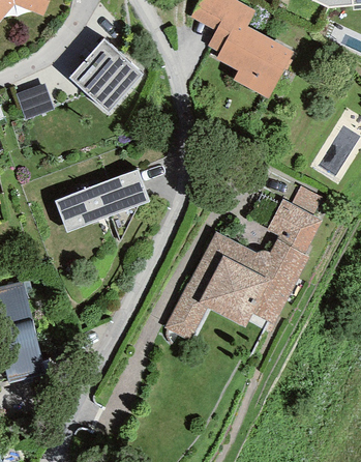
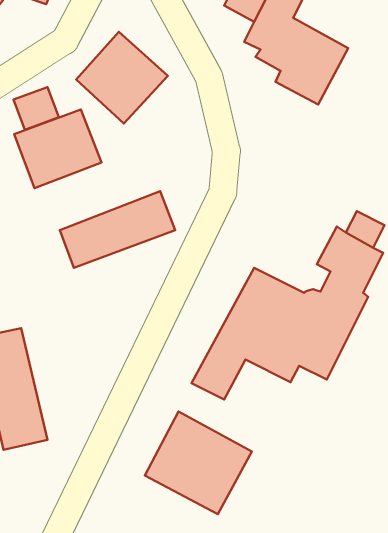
building: none -> [14,110,101,188]
building: none -> [145,412,252,514]

